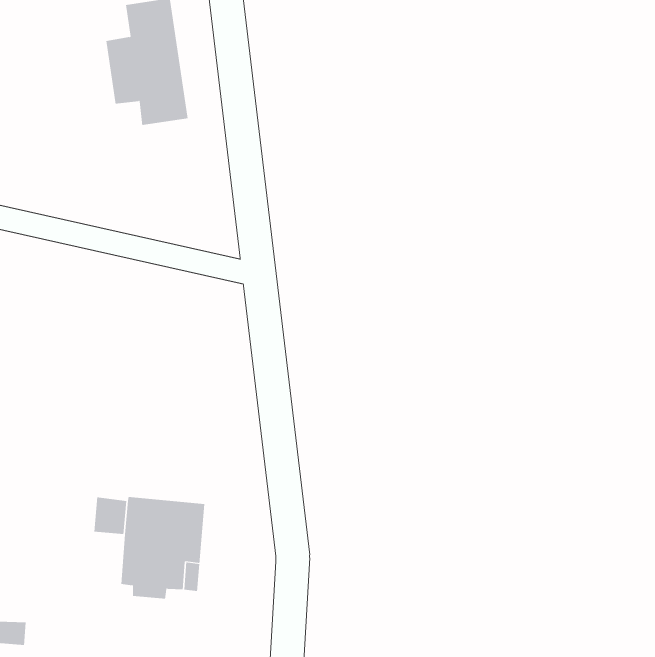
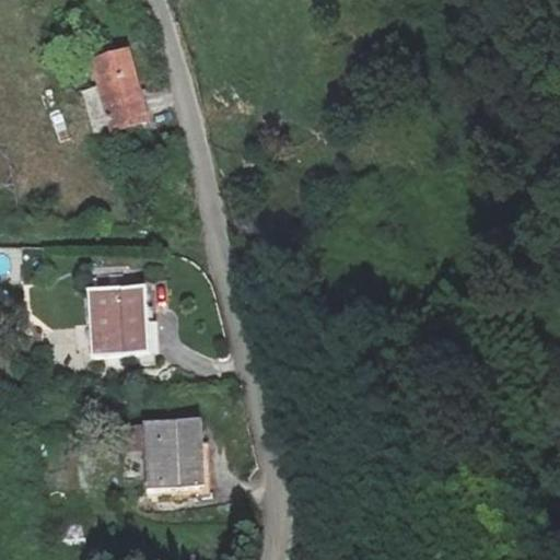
building: none -> [77,283,150,358]

